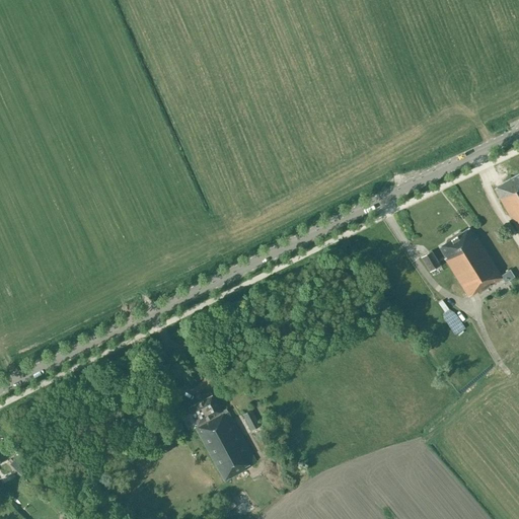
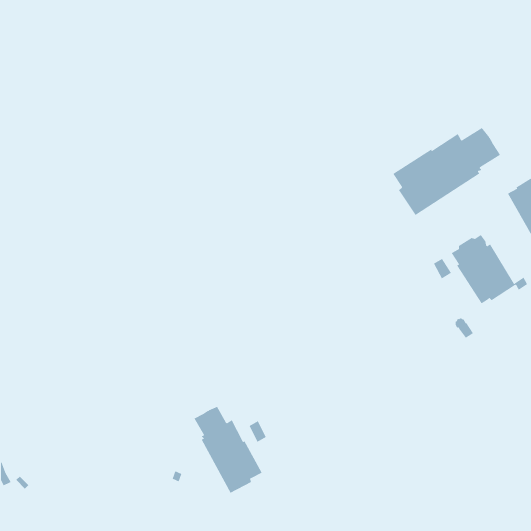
building: none -> [392,127,501,216]

